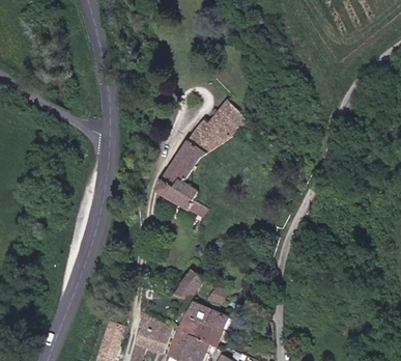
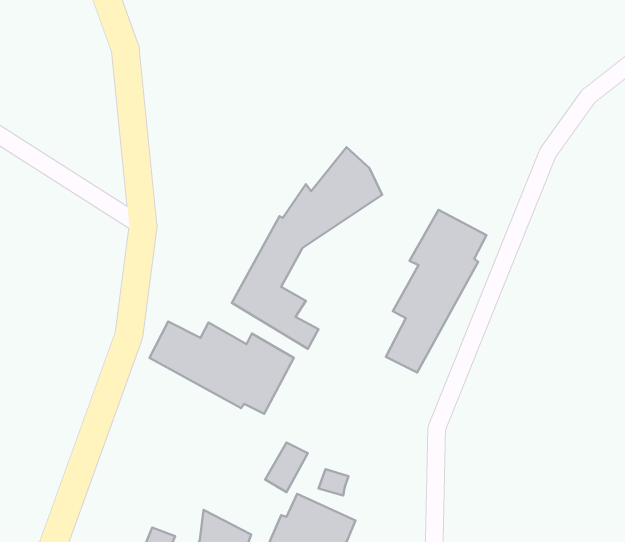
building: none -> [386,210,487,372]
building: none -> [150,321,294,414]

